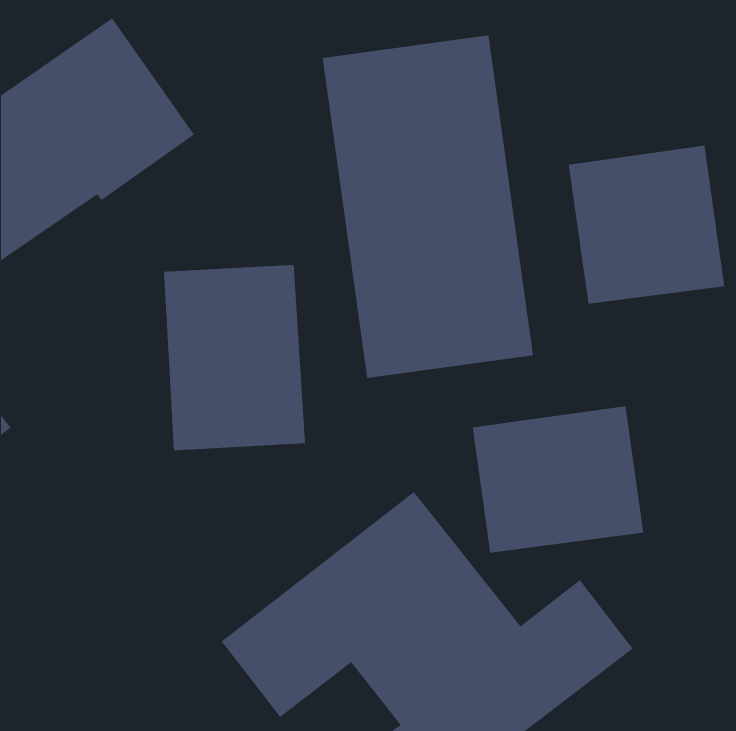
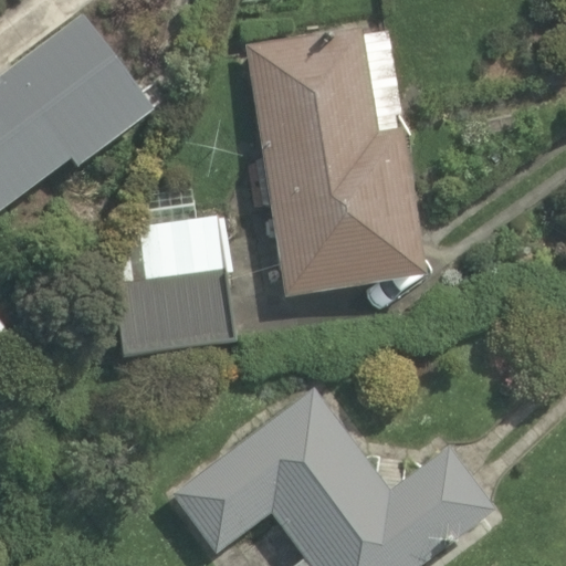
building: [568,145,725,304] -> none
building: [472,405,644,553] -> none

